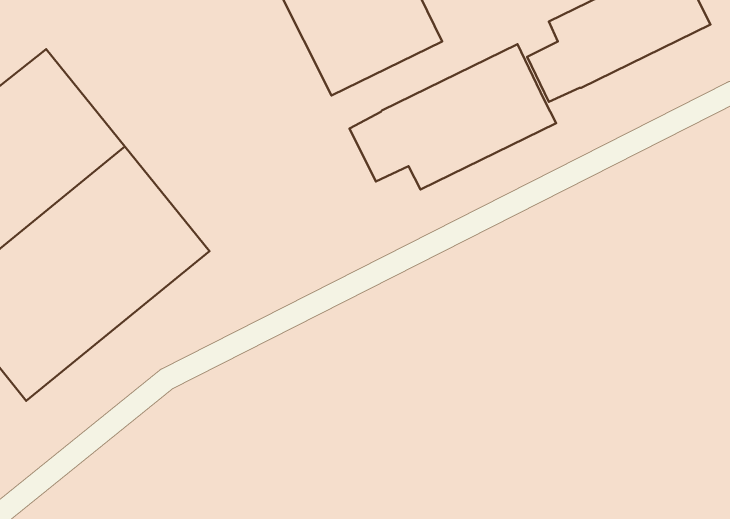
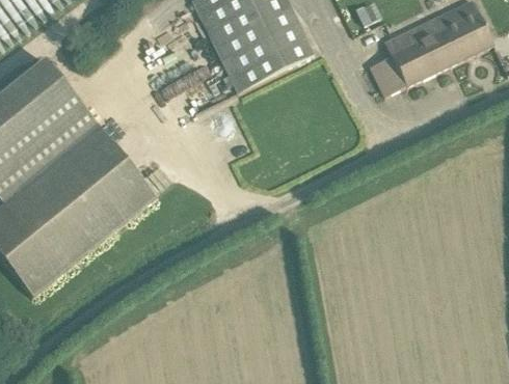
building: [350,44,556,190] -> none

